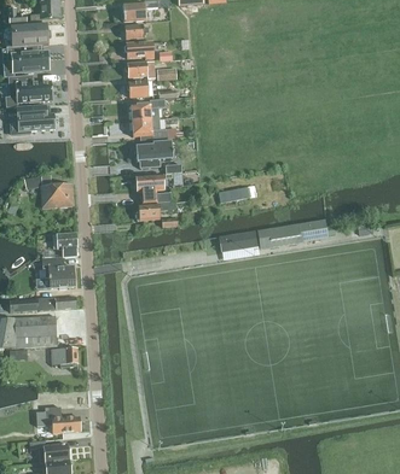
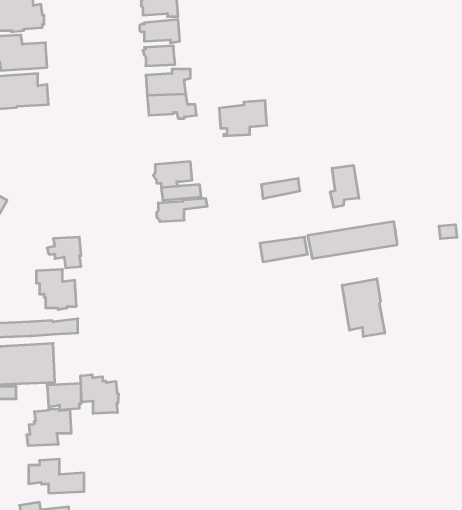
building: [135,140,173,168] -> [219,101,267,136]
building: [24,175,74,209] -> none
building: none -> [330,165,359,207]
building: none -> [342,279,385,337]
building: none -> [81,375,118,414]
building: none -> [27,409,71,446]

